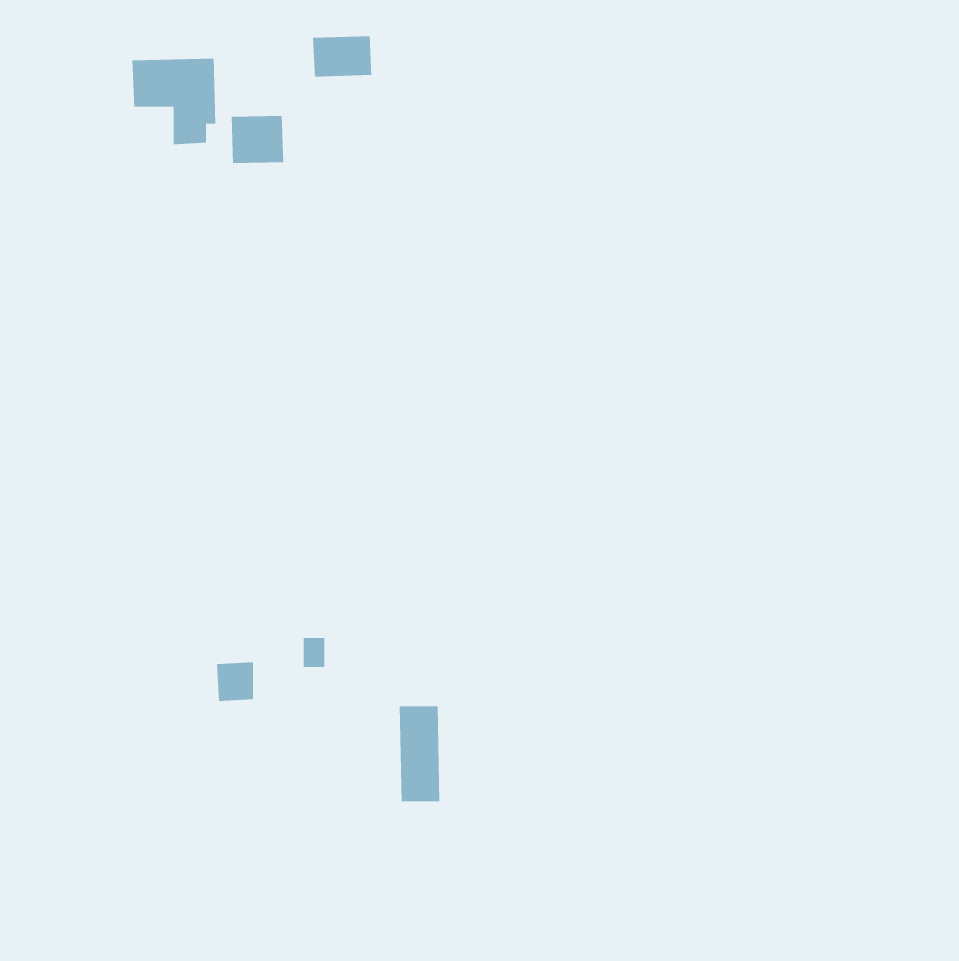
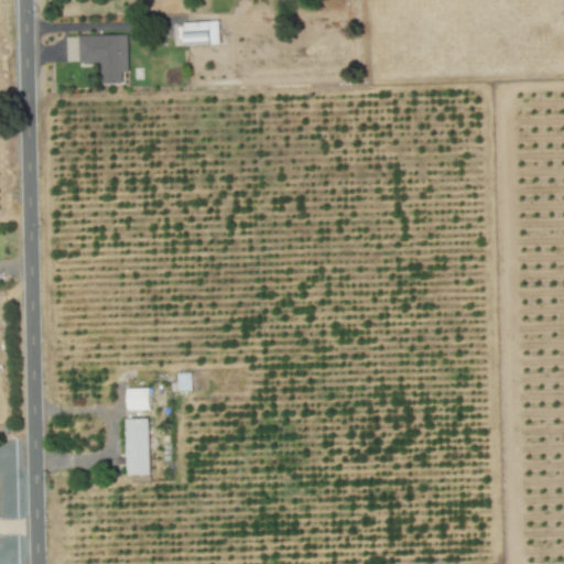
building: [231,115,284,164] -> none
building: [399,706,440,802] -> [124,419,149,475]

